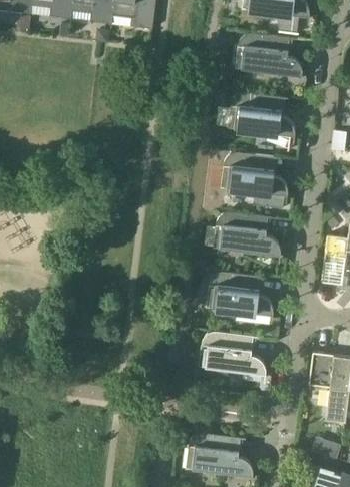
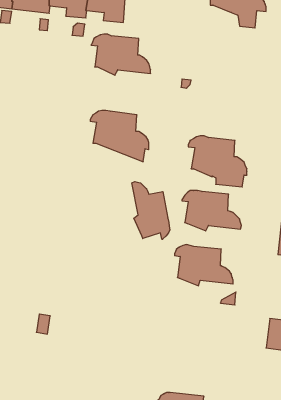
building: [237,32,302,77] -> [91,34,151,75]
building: [231,93,295,149] -> [90,110,149,162]
building: none -> [132,182,170,239]
building: [201,331,266,376] -> none

